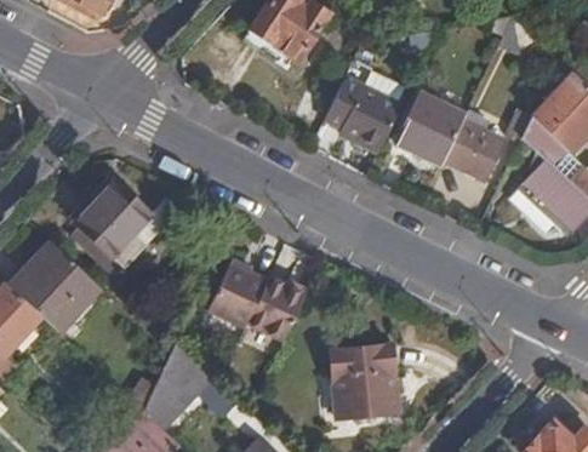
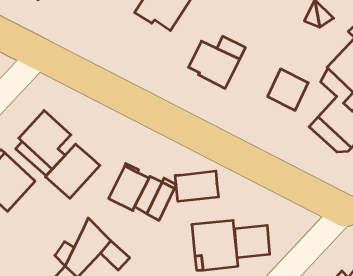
building: [398,93,466,165] -> none
building: none -> [45,144,100,198]
building: none -> [175,171,219,201]
building: none -> [235,225,270,258]

